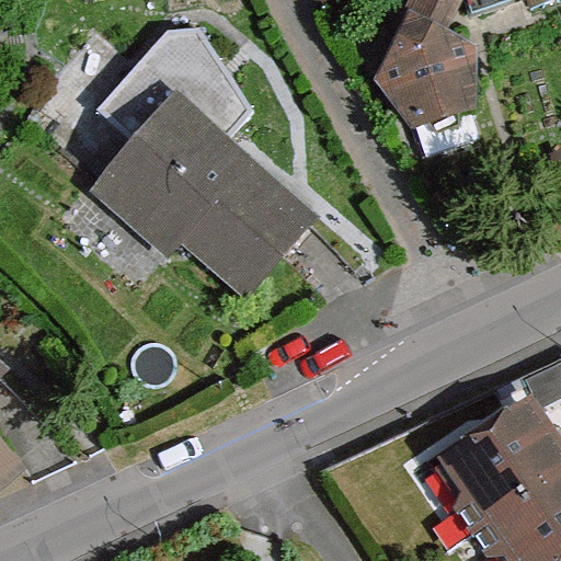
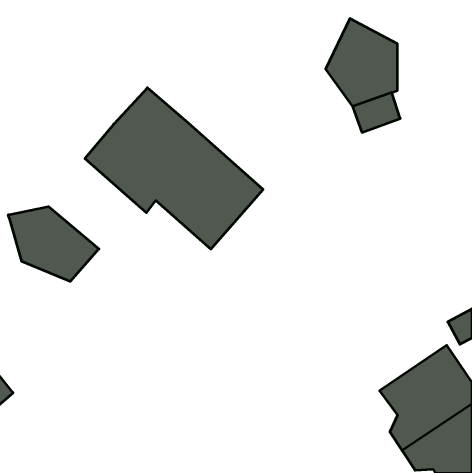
building: [93,28,251,146] -> none
building: none -> [8,207,99,281]

